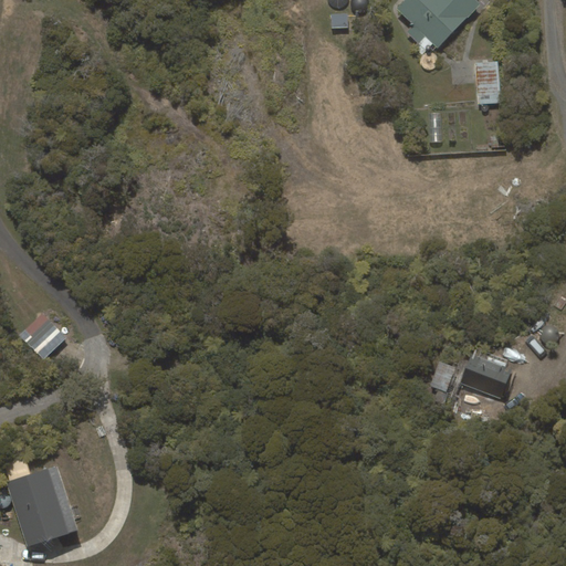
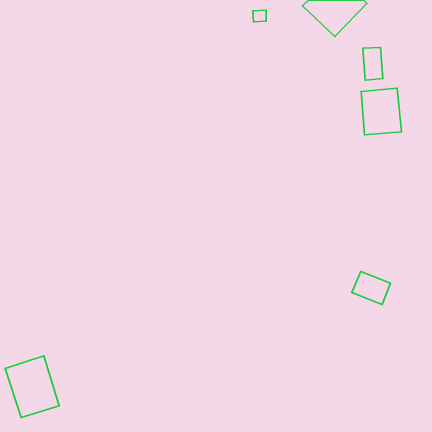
building: none -> [361,88,402,135]
building: [20,314,66,360] -> none

